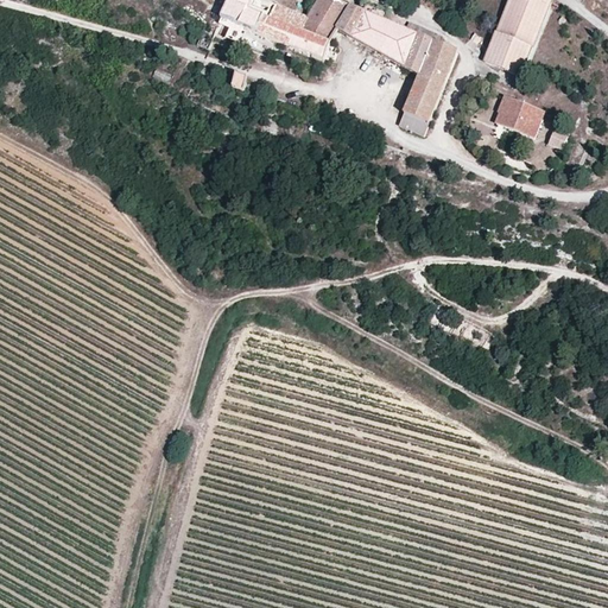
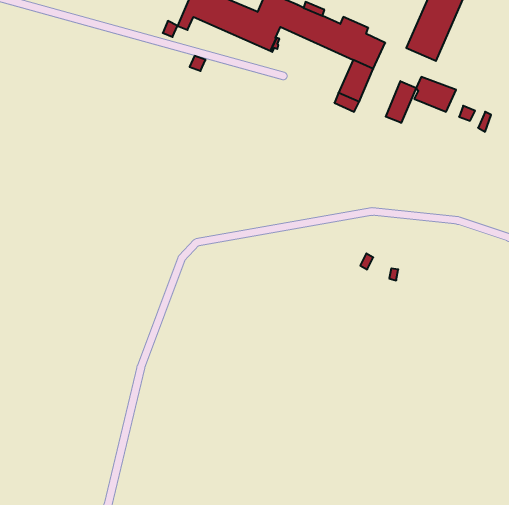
building: none -> [386,81,416,123]

